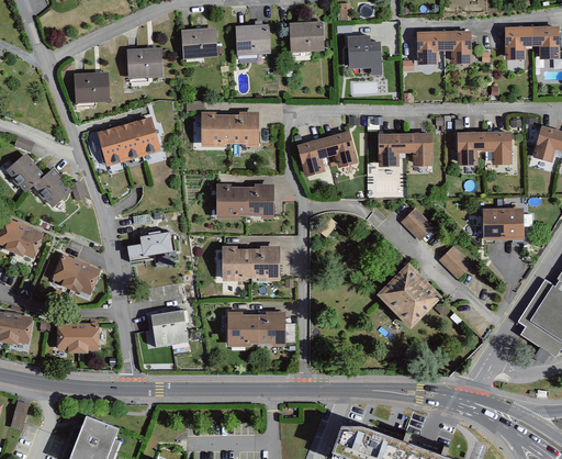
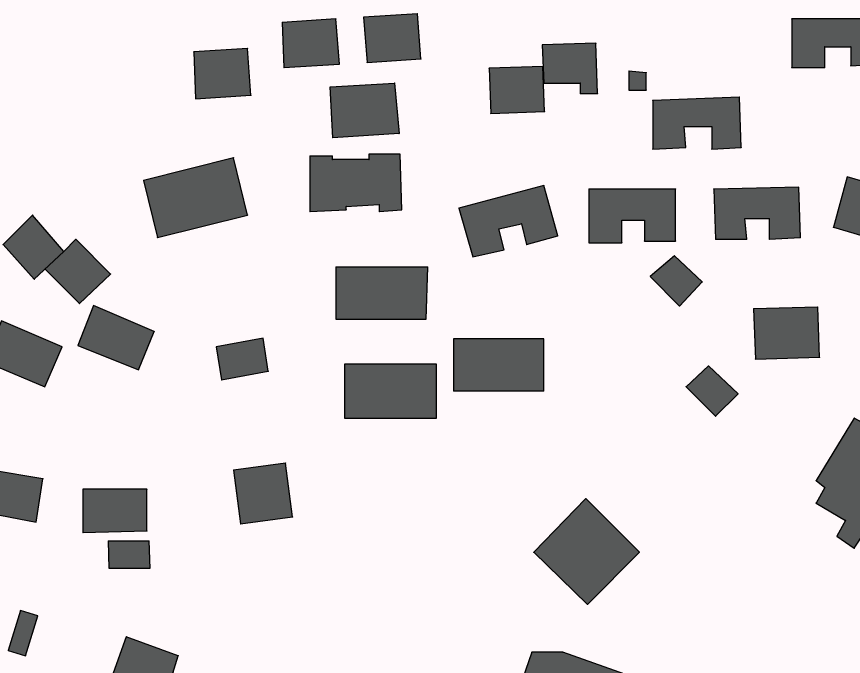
building: [289,21,324,51] -> [489,67,545,113]
building: [417,30,473,63] -> [653,97,741,149]
building: none -> [330,83,399,138]
building: [74,70,111,100] -> none
building: [398,209,431,240] -> [650,256,702,306]
building: [50,255,99,295] -> [78,306,154,370]
building: [378,258,445,325] -> [534,499,639,604]
building: [228,311,285,344] -> [454,339,544,391]
building: none -> [108,541,150,568]

